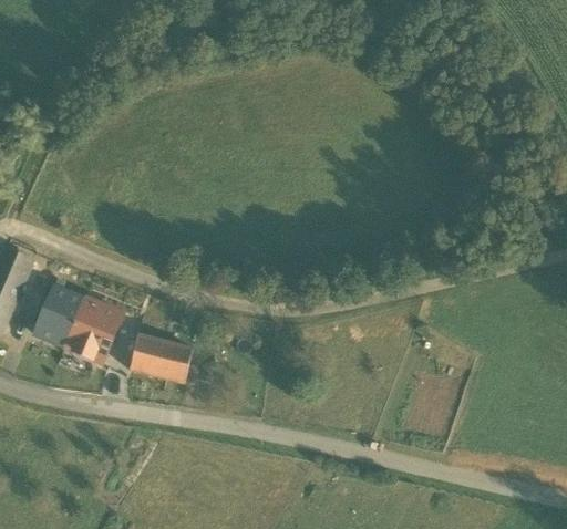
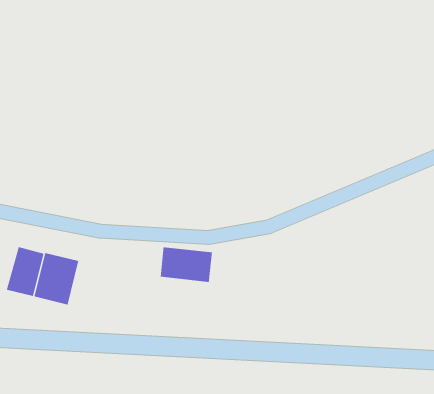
building: [127,333,192,382] -> [160,246,213,283]

